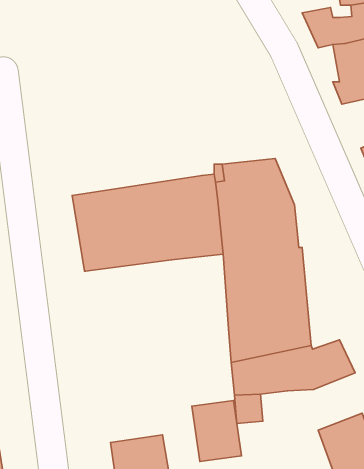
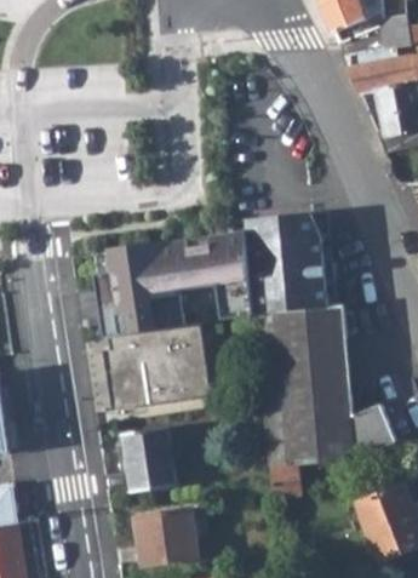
building: none -> [102,321,210,408]
building: [192,401,241,461] -> [121,427,174,492]

